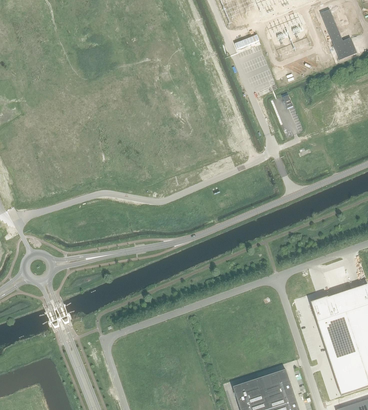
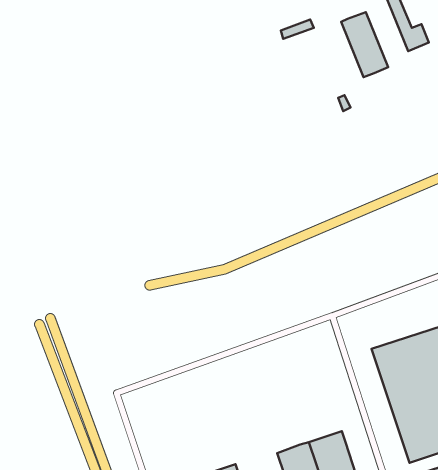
building: none -> [341,12,388,77]

